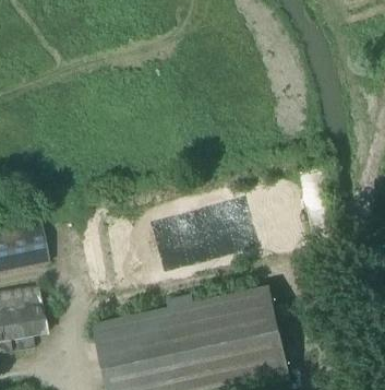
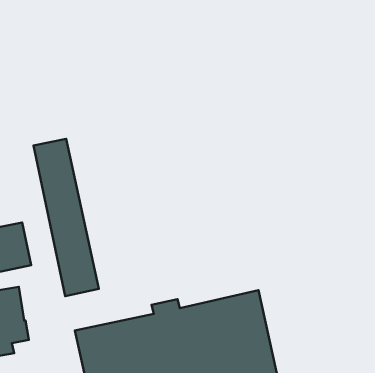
building: none -> [34,139,99,296]

